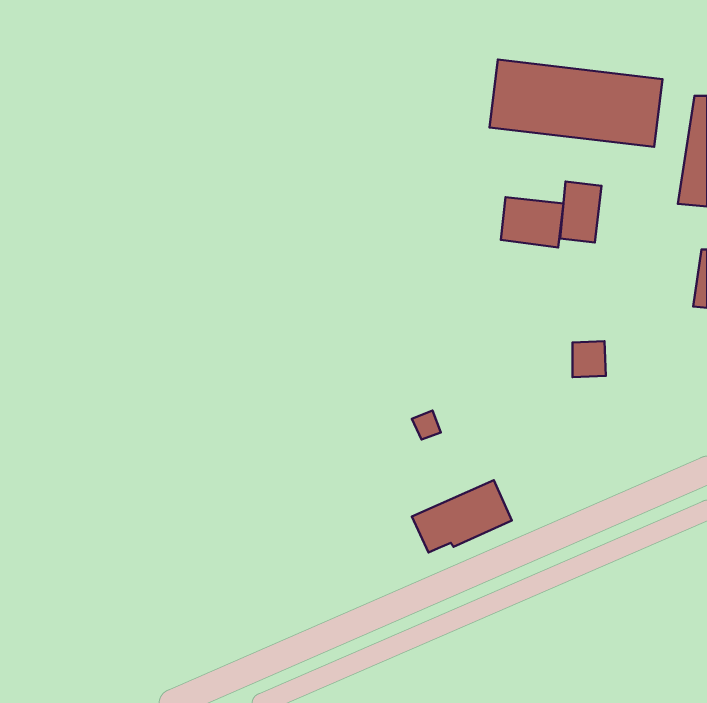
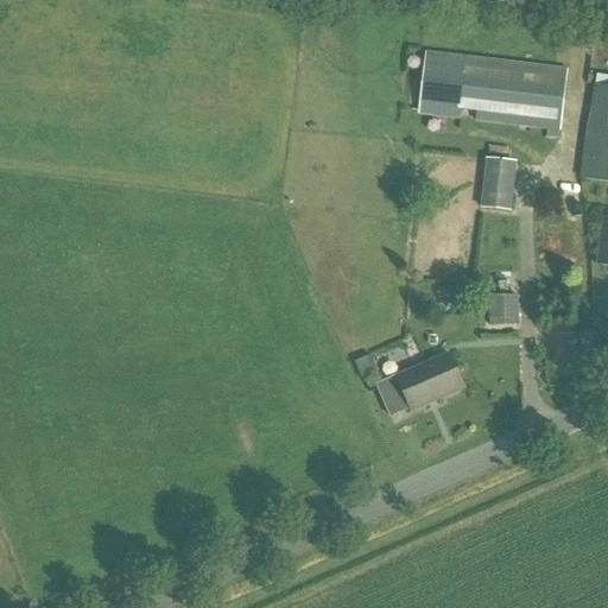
building: [501,197,563,248] -> none
building: [412,480,512,552] -> [378,350,463,412]

